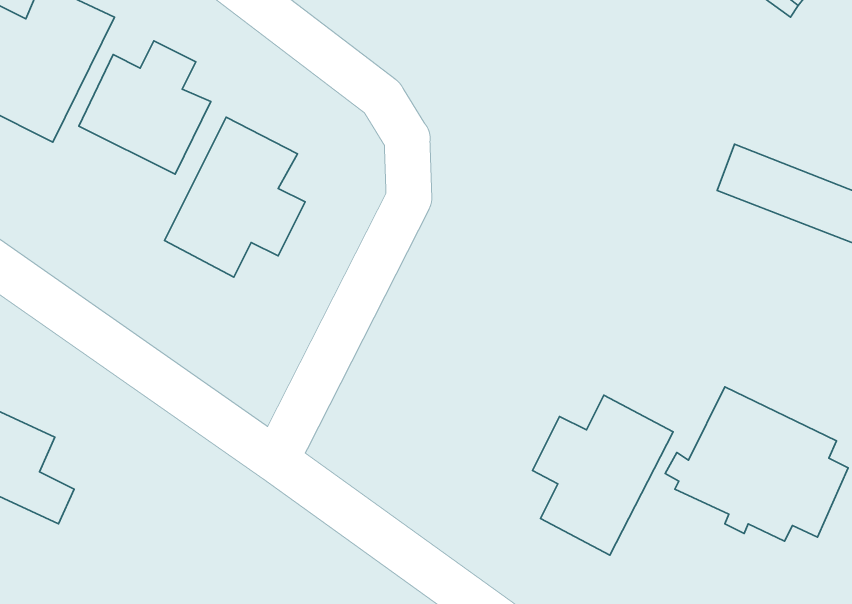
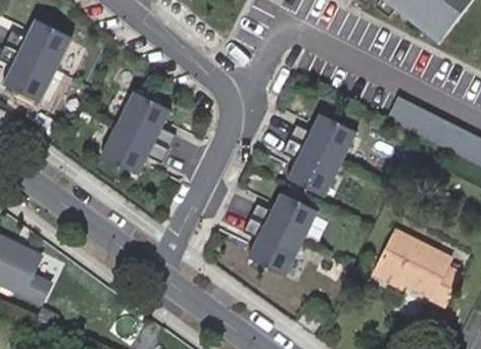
building: [79,41,211,174] -> none
building: none -> [280,110,354,195]
building: [533,395,673,555] -> [242,190,317,275]

